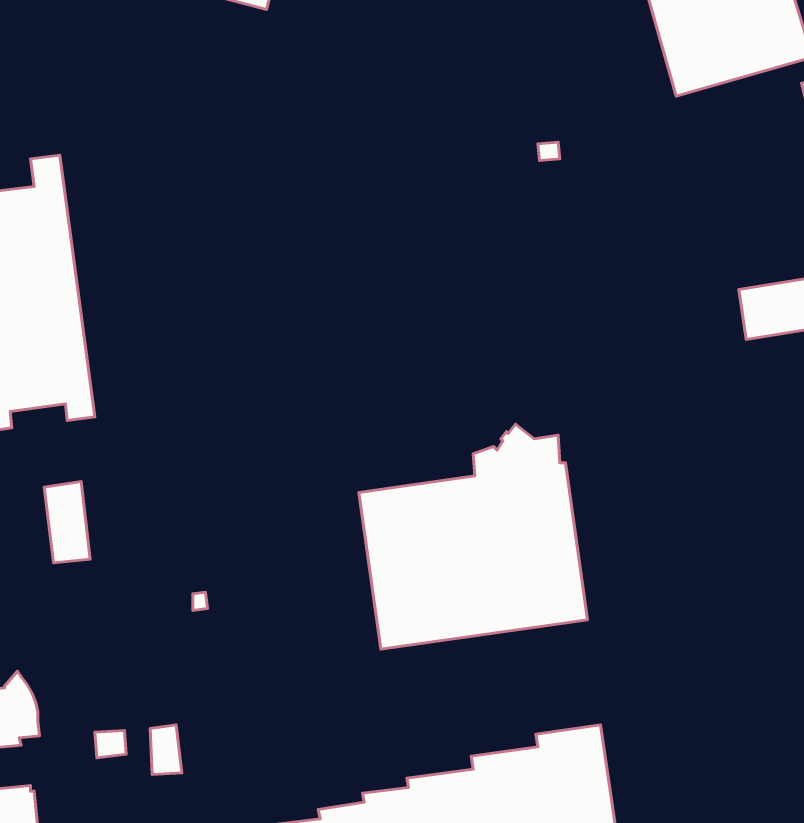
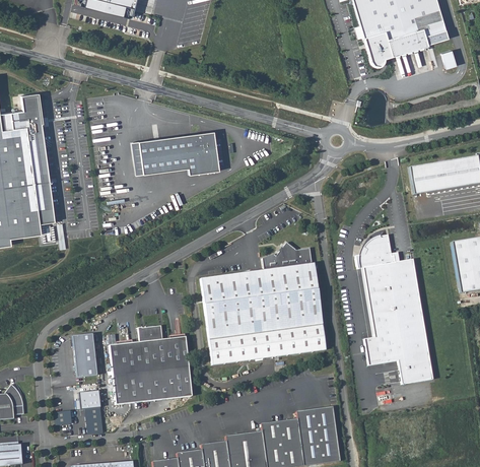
building: none -> [133,131,221,176]
building: none -> [355,236,433,385]
building: [44,482,90,563] -> [72,333,97,378]
building: none -> [110,327,192,405]
building: none -> [76,390,101,410]

